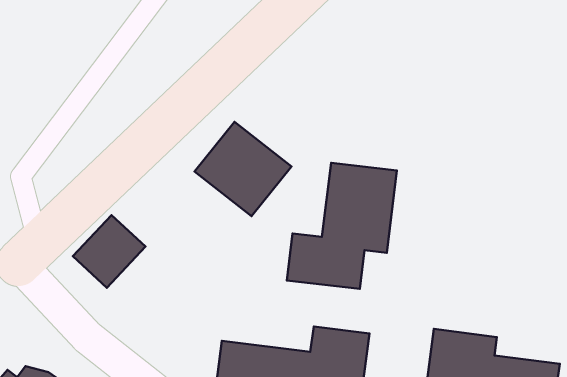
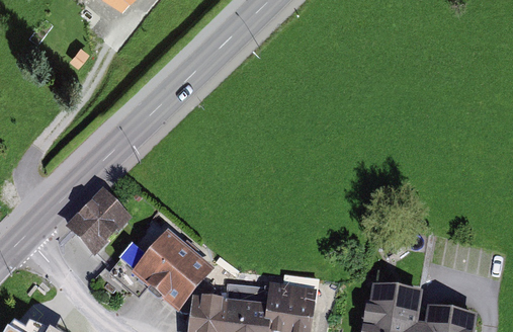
building: [195,122,291,216] -> [131,227,211,306]
building: [287,163,397,289] -> none

